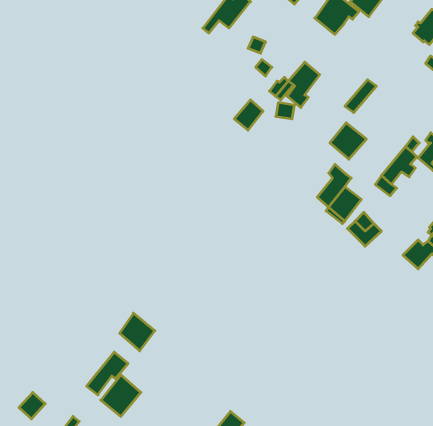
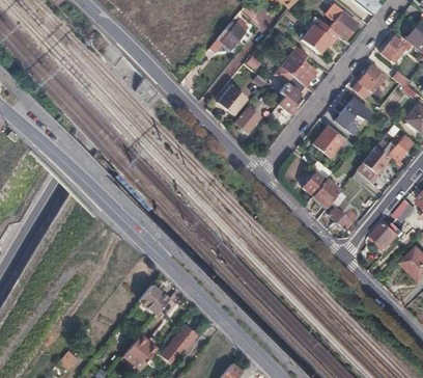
building: none -> [283,47,317,86]
building: none -> [351,63,387,99]
building: none -> [219,86,247,114]
building: none -> [336,98,371,135]
building: [87,352,128,395] -> [163,325,197,360]

